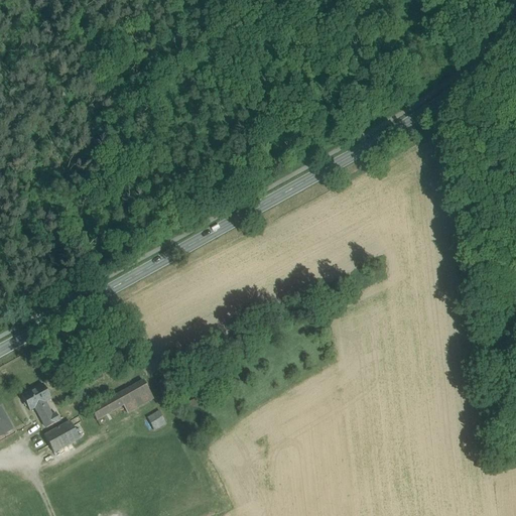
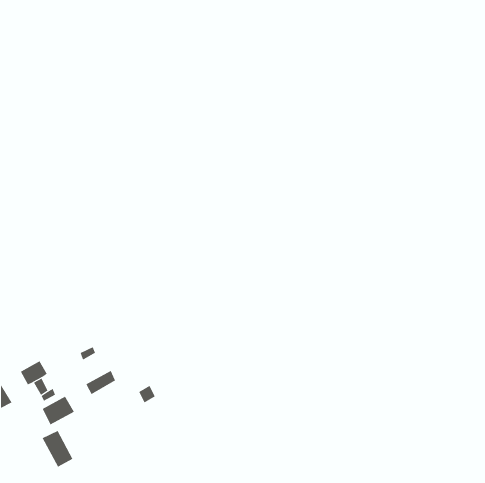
building: [118,379,153,411] -> none
building: none -> [42,430,73,468]

